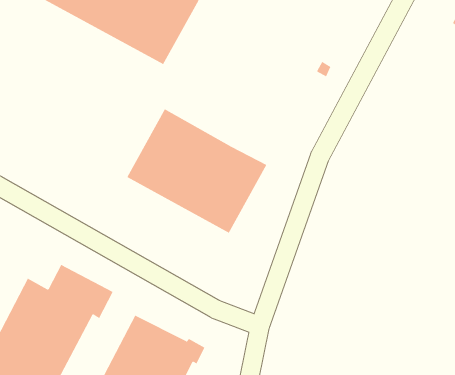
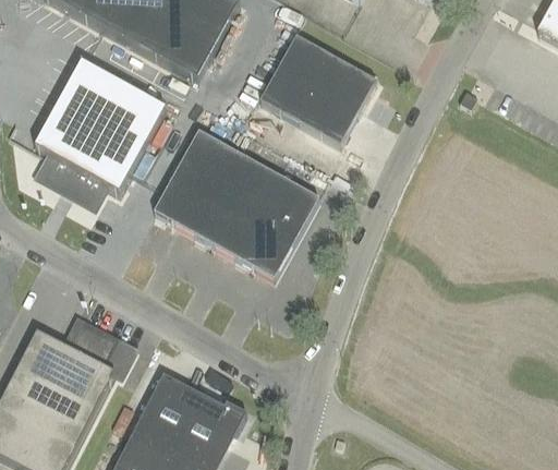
building: none -> [259,36,376,145]
building: none -> [35,61,166,204]

